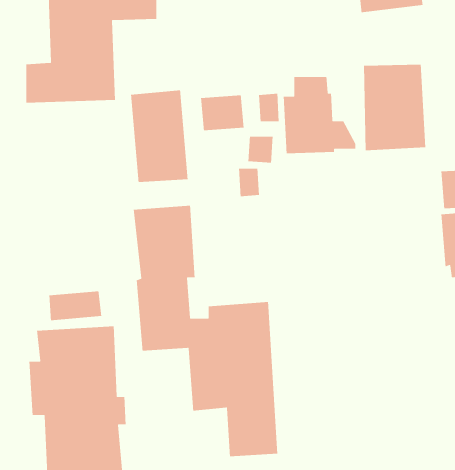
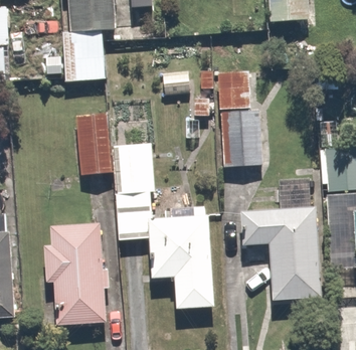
building: [363,64,426,151] -> [218,111,259,168]
building: [130,90,188,183] -> [76,114,115,175]
building: none -> [235,178,318,302]

